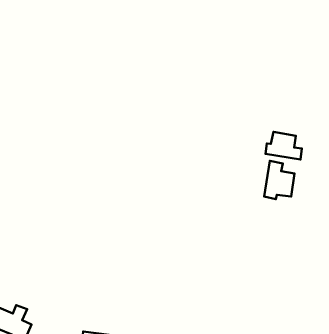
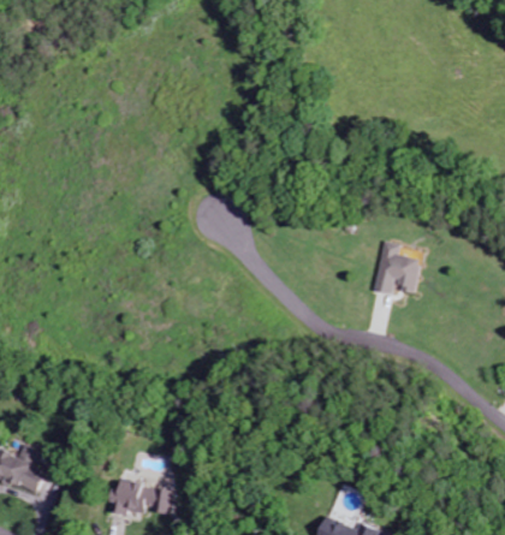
building: [266,132,302,160] -> none

